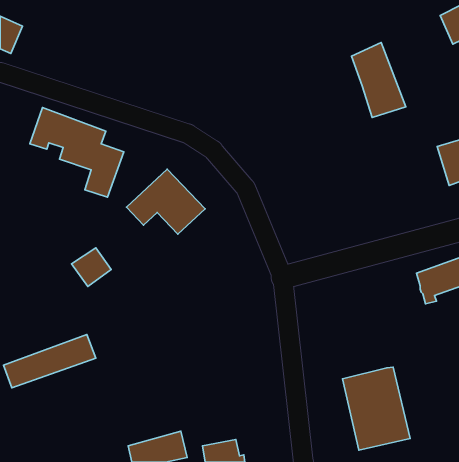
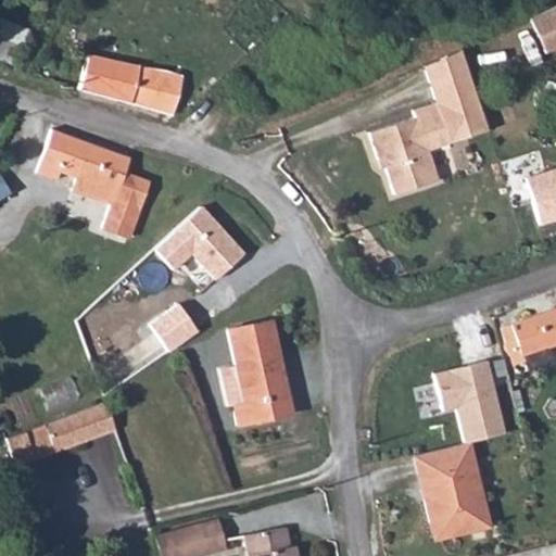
building: none -> [81,55,182,115]
building: none -> [371,103,451,195]
building: [71,248,111,287] -> [150,305,198,352]
building: none -> [229,320,293,426]
building: none -> [433,359,508,442]

